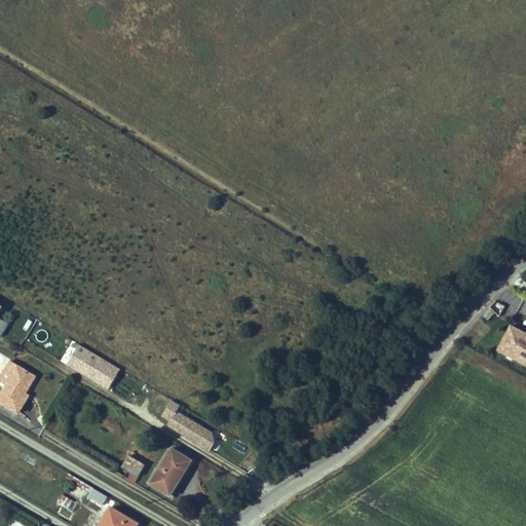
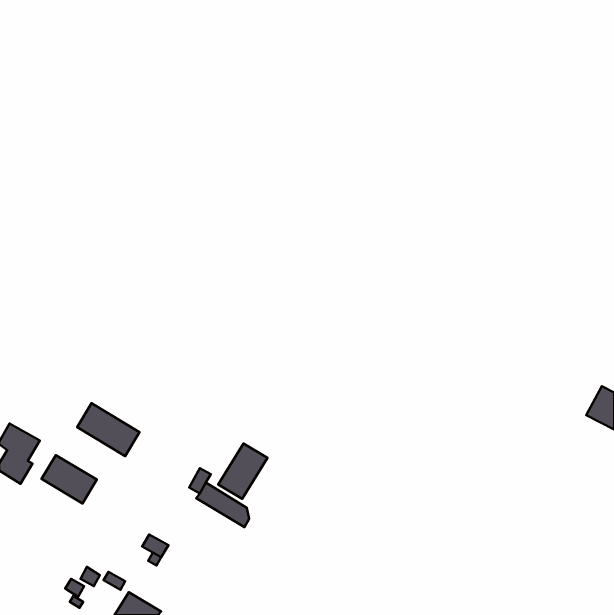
building: none -> [42,455,97,503]
building: [149,448,191,495] -> [218,444,267,499]

